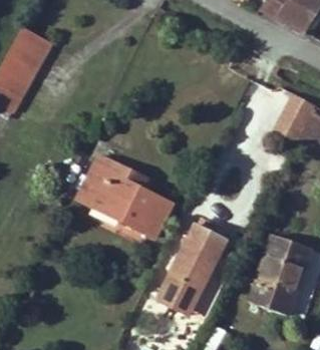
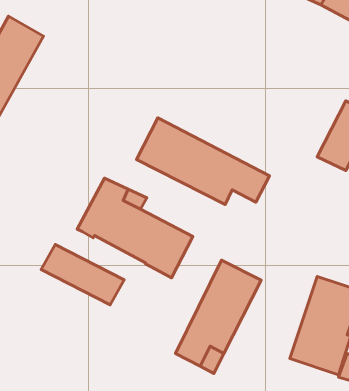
building: none -> [136,118,269,205]
building: none -> [41,244,124,305]

